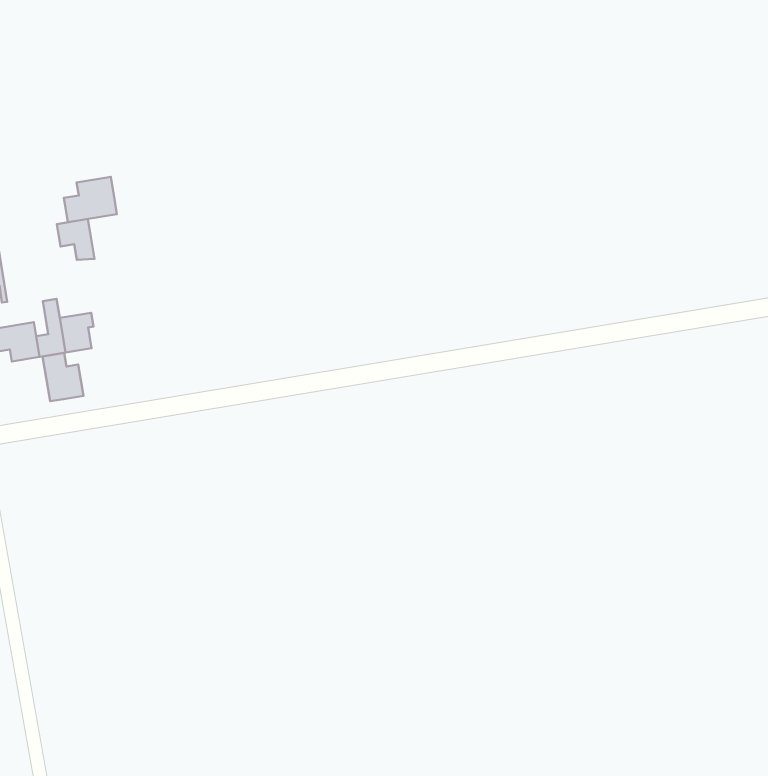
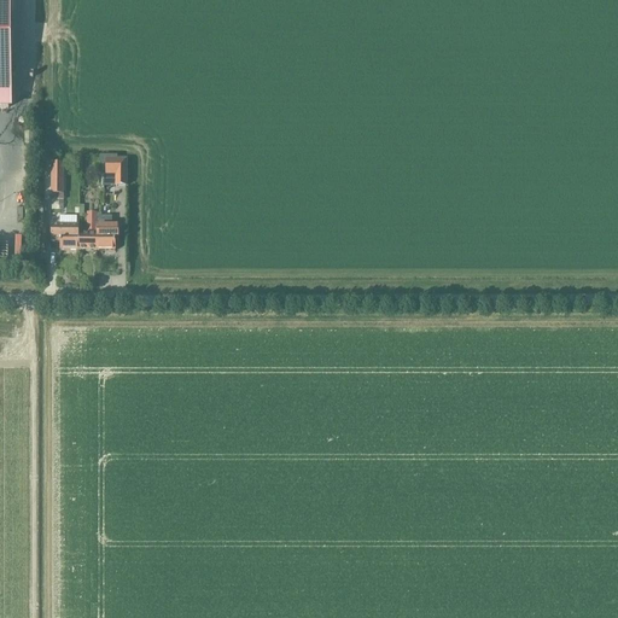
building: [64,177,117,222] -> none
building: [43,353,83,401] -> none

